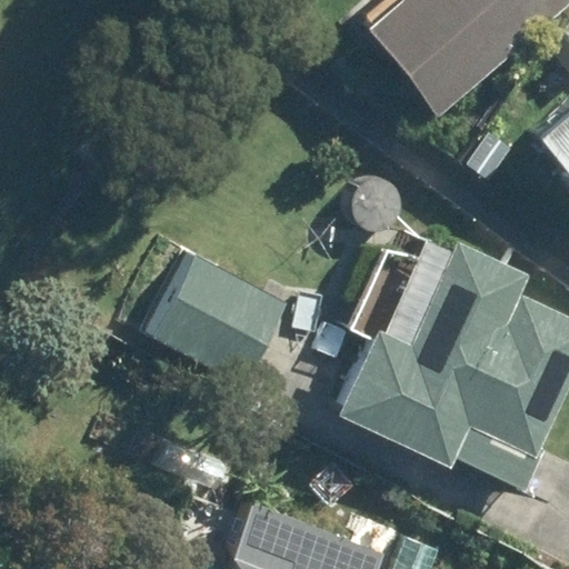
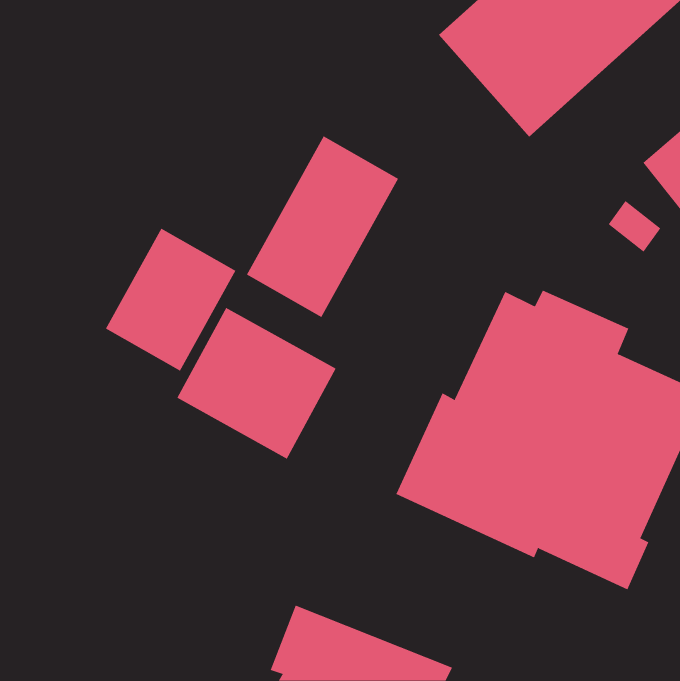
building: none -> [246,136,399,318]
building: none -> [105,228,236,371]

